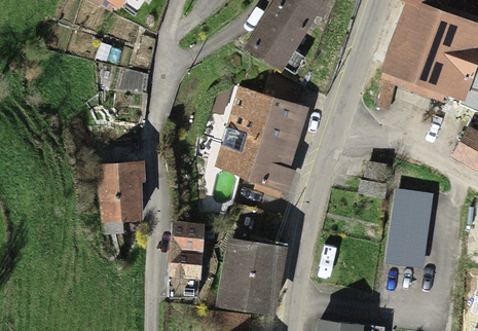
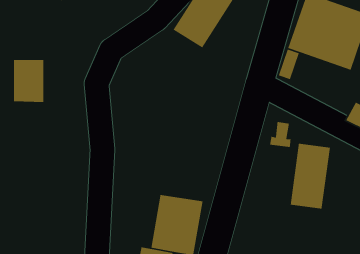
building: [222,88,305,182] -> none
building: [103,163,140,216] -> [13,59,44,103]
building: [169,224,207,297] -> none

